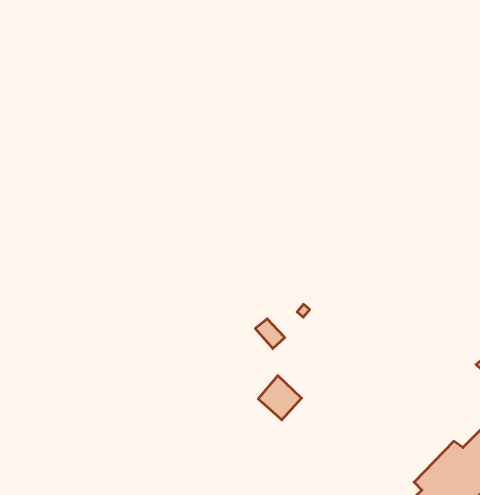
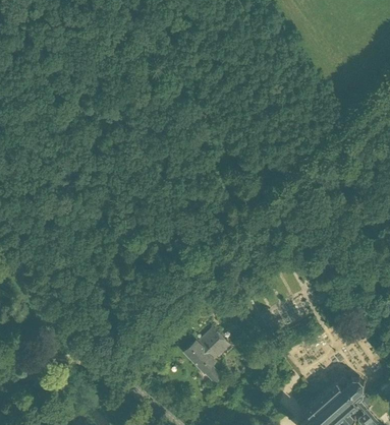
building: none -> [183,341,222,383]

